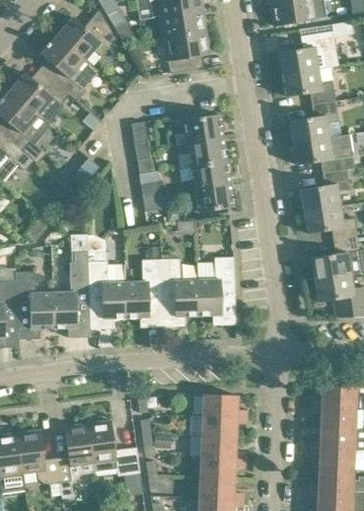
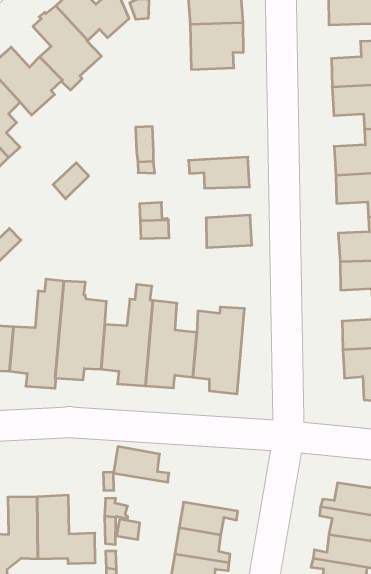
building: [174,113,222,144] -> none
building: [185,159,229,190] -> none
building: [203,392,246,416] -> [114,447,169,482]

